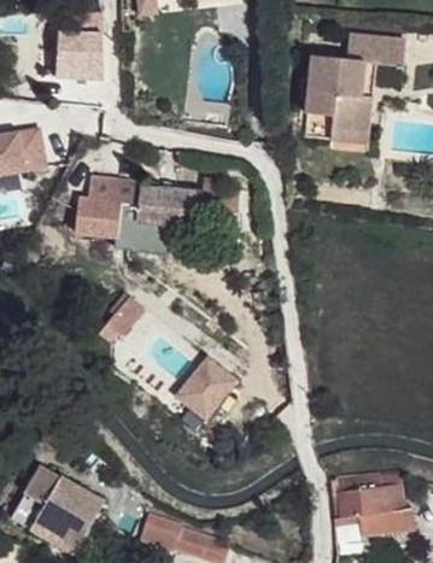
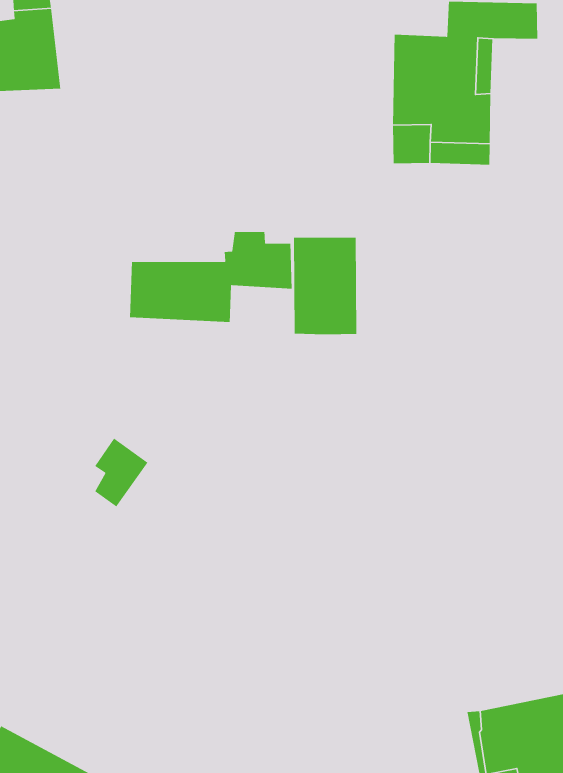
building: none -> [293,237,357,335]
building: [82,177,133,239] -> none
building: [171,359,234,423] -> none

